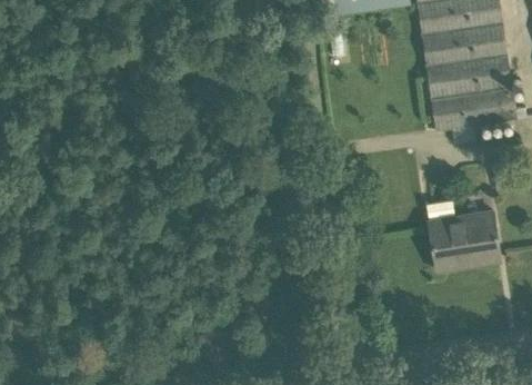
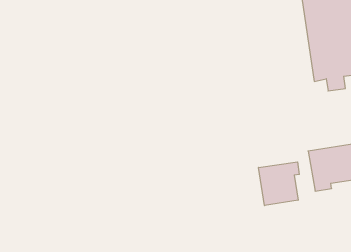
building: none -> [259,162,299,206]

